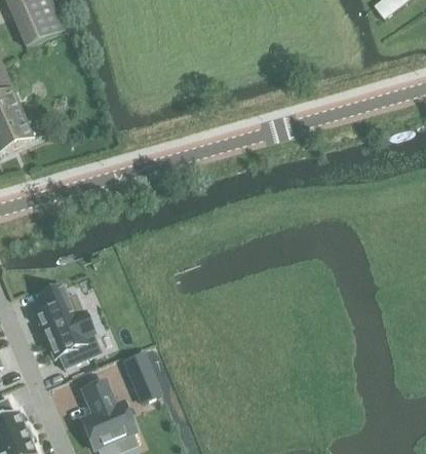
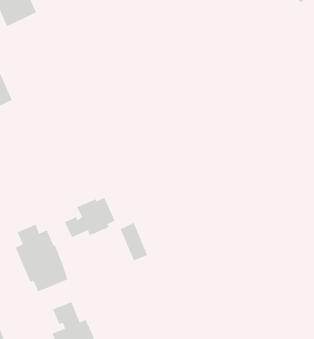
building: none -> [64,197,116,238]
building: [126,352,160,400] -> [120,222,148,261]

